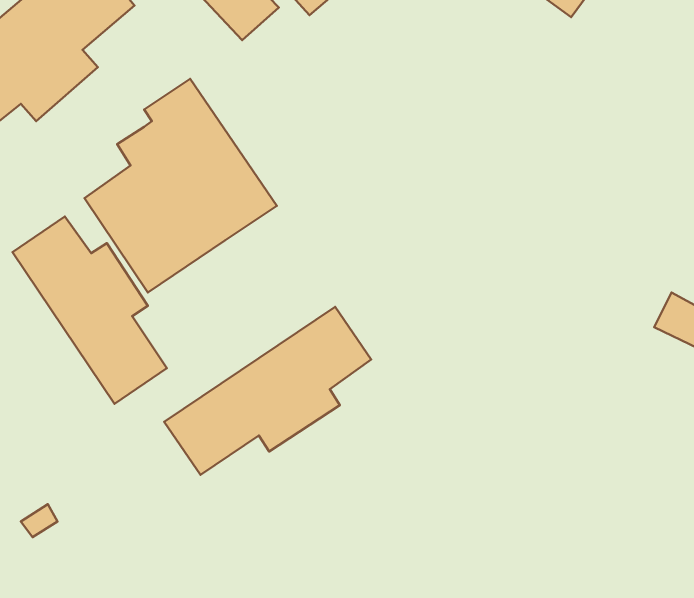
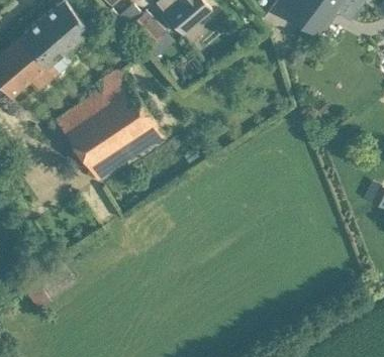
building: [13,216,167,404] -> none
building: [164,307,371,475] -> none

